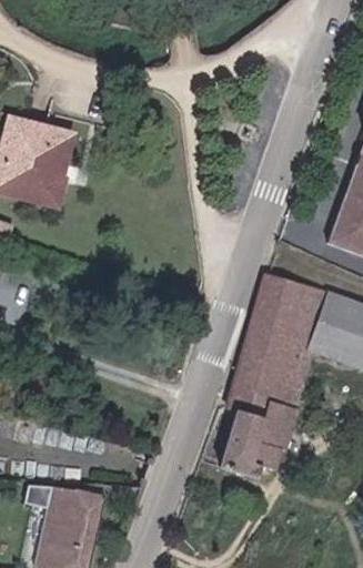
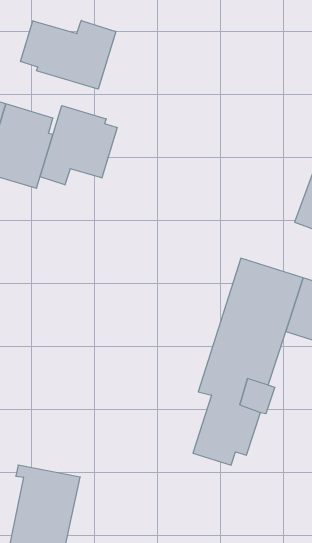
building: none -> [21,20,116,89]
building: none -> [40,106,117,185]

